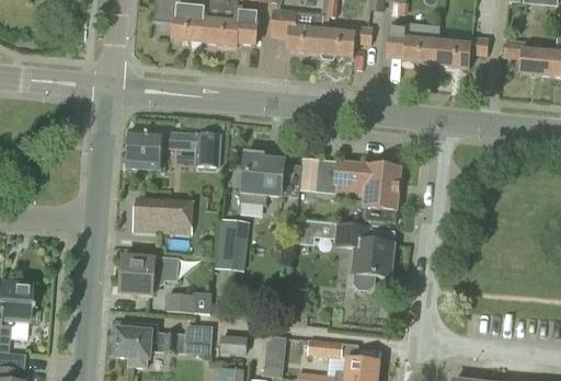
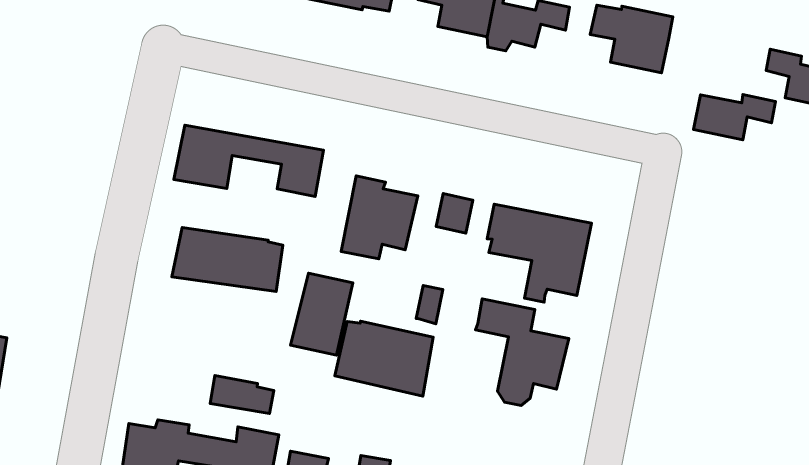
building: [436,36,488,66] -> [694,95,776,140]
building: none -> [335,321,433,396]
building: [118,256,181,295] -> none

